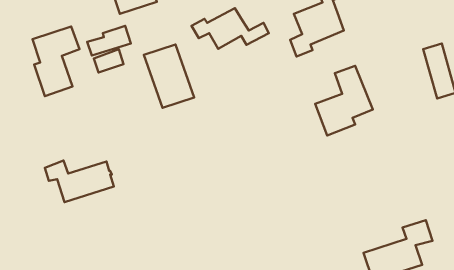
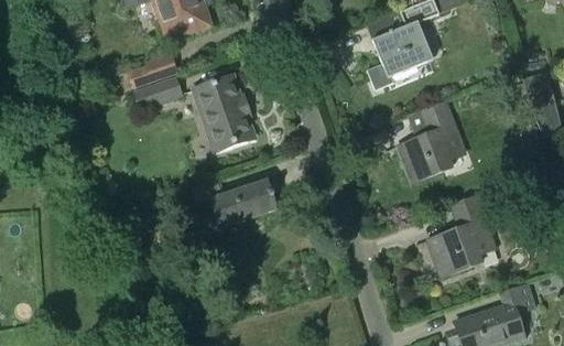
building: [192,8,269,49] -> none
building: [32,26,79,96] -> none
building: none -> [429,195,496,277]
building: [45,160,114,202] -> [196,177,278,227]

